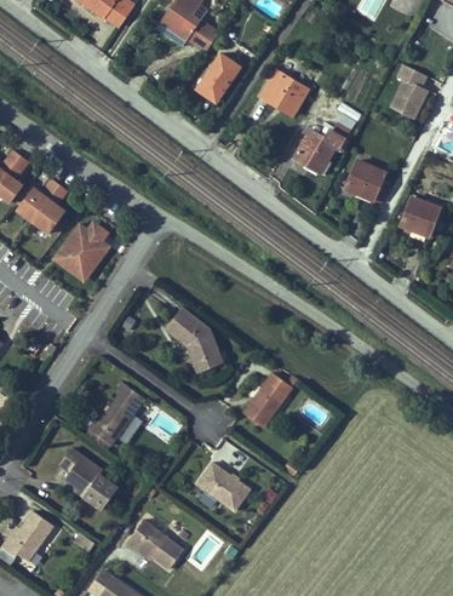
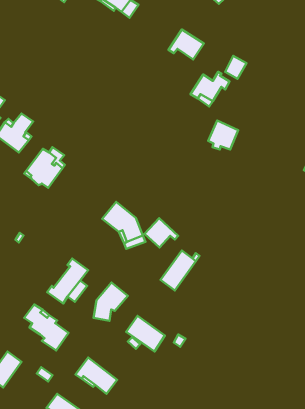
building: [195,55,241,105] -> none
building: [382,67,419,120] -> none
building: [340,155,382,195] -> [208,120,238,150]
building: [396,191,434,231] -> none
building: none -> [144,218,178,248]
building: none -> [93,283,128,321]

